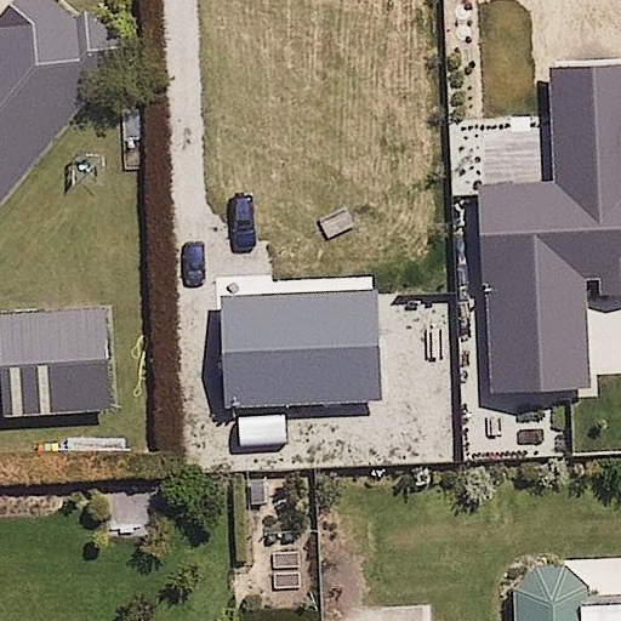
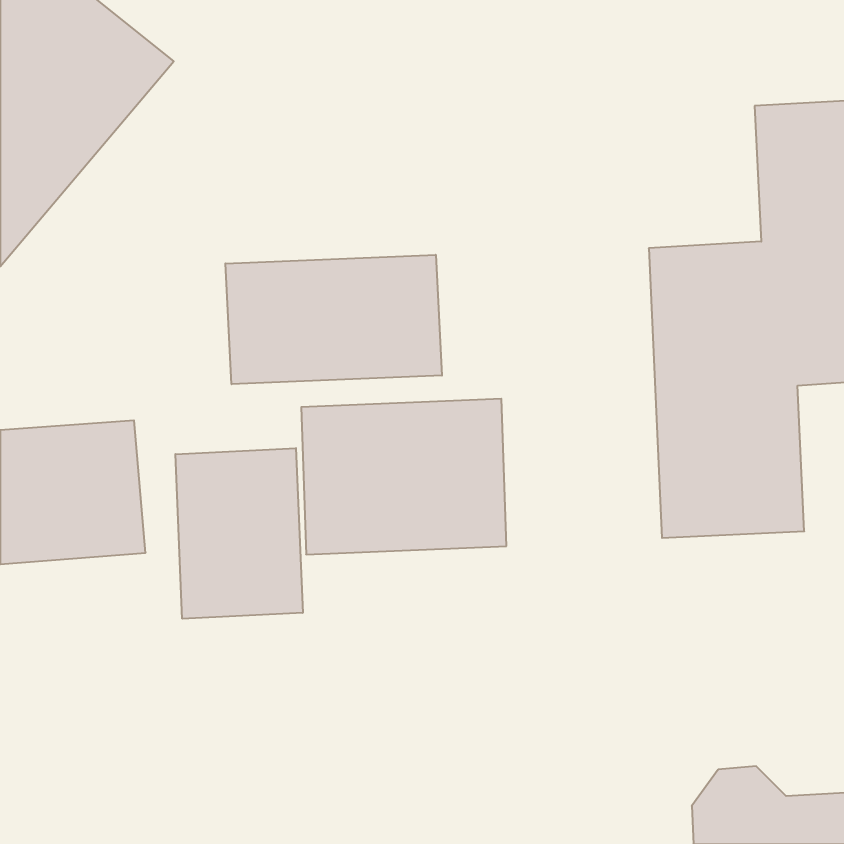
building: none -> [225,255,442,384]
building: none -> [175,448,303,619]

